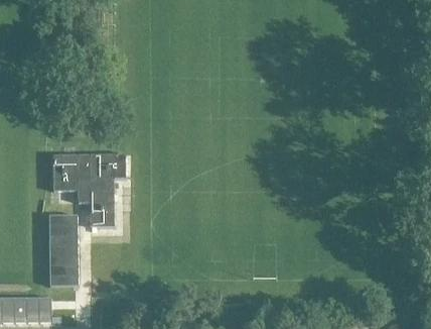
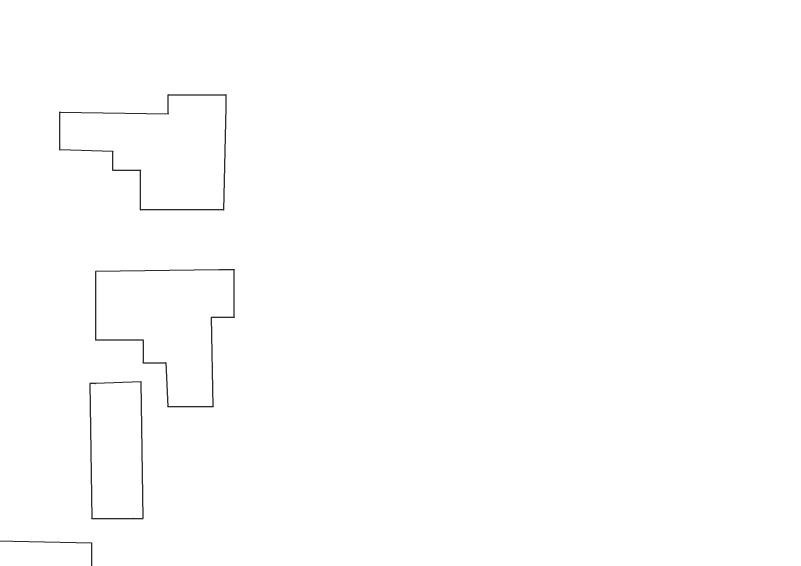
building: none -> [60,95,226,210]

